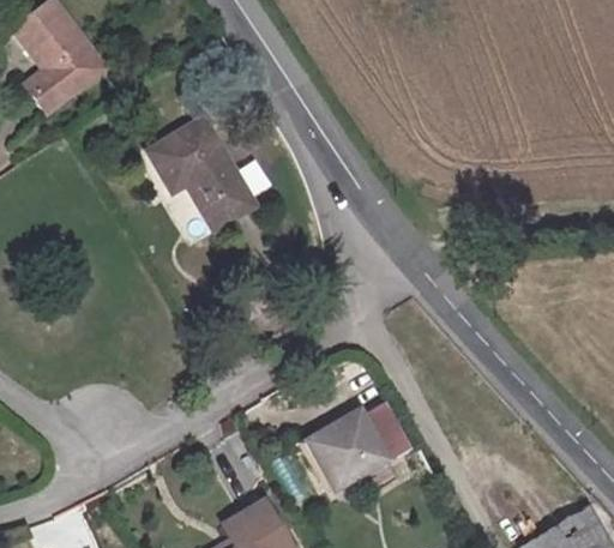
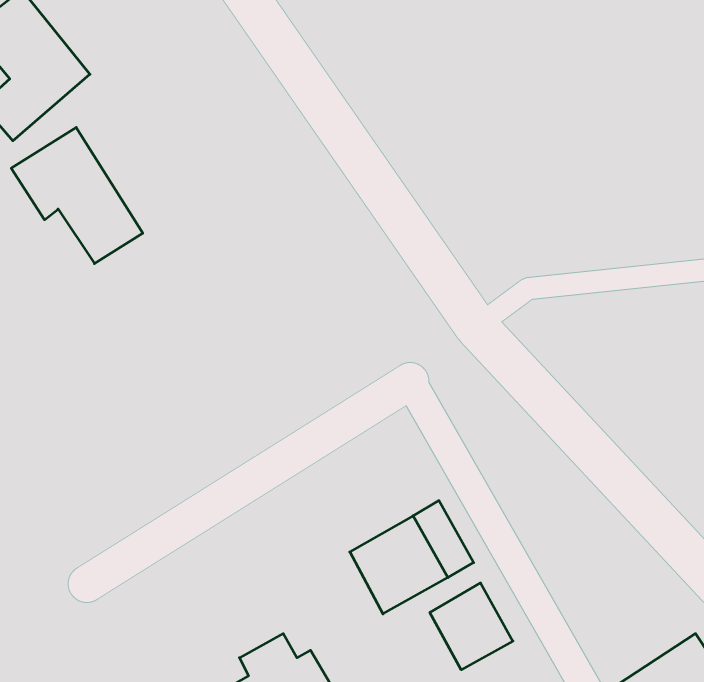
building: [150,124,254,231] -> [11,127,143,264]
building: none -> [430,583,513,670]

